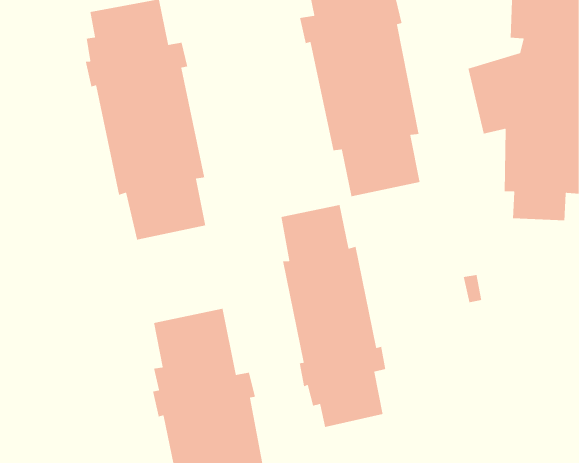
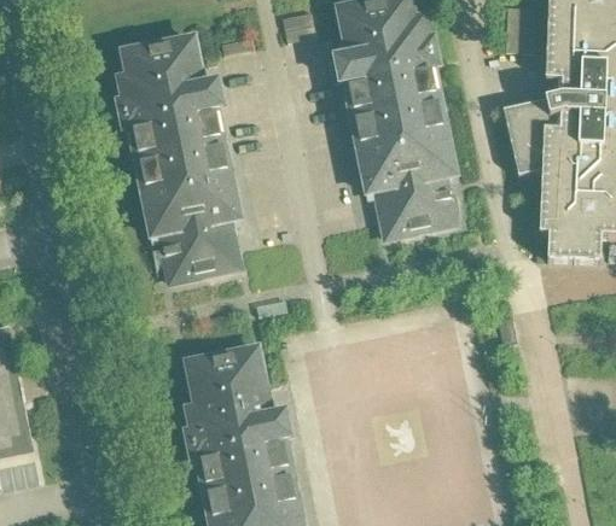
building: [281,204,386,428] -> none

